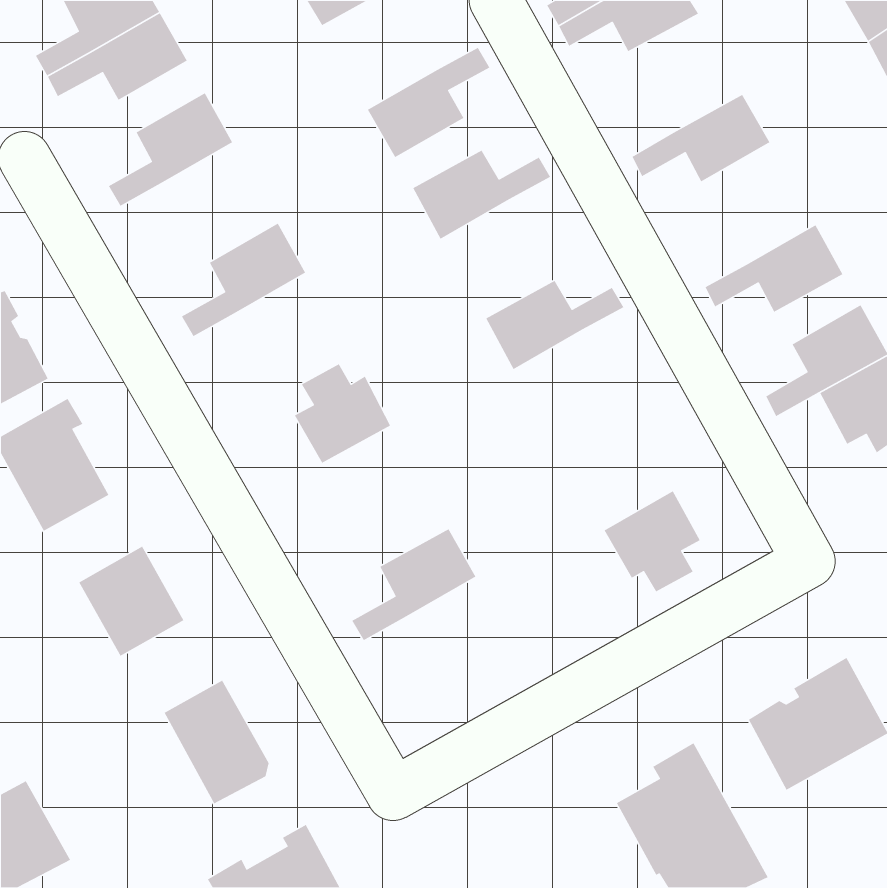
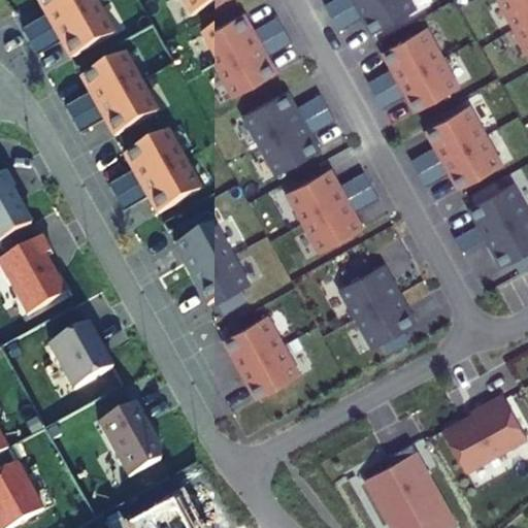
building: none -> [202,10,285,65]
building: none -> [368,26,441,93]
building: none -> [72,85,156,138]
building: none -> [411,103,485,170]
building: none -> [262,105,335,171]
building: none -> [116,162,200,216]
building: none -> [305,183,378,249]
building: none -> [192,253,251,311]
building: none -> [341,255,400,315]
building: none -> [217,342,301,396]

